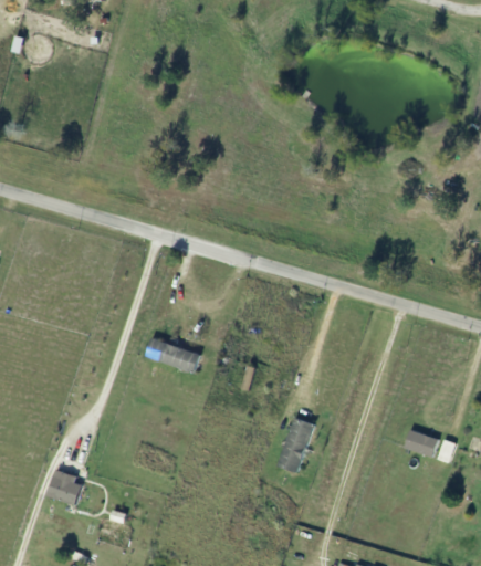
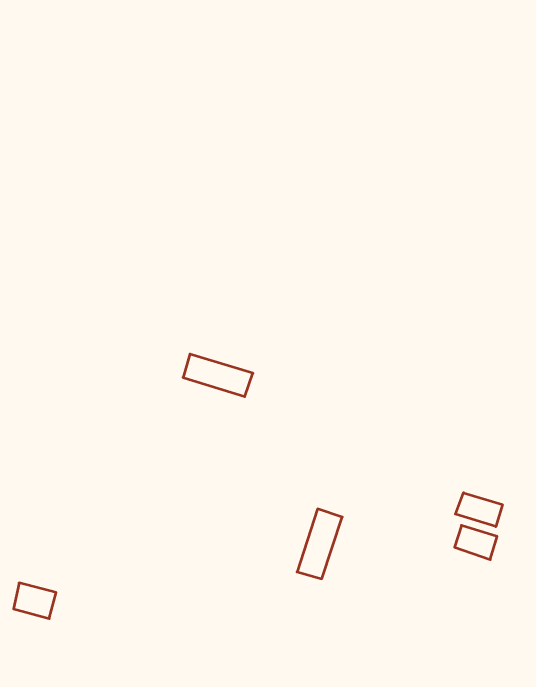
building: [145,337,201,371] -> [183,354,253,397]
building: none -> [455,493,502,527]

